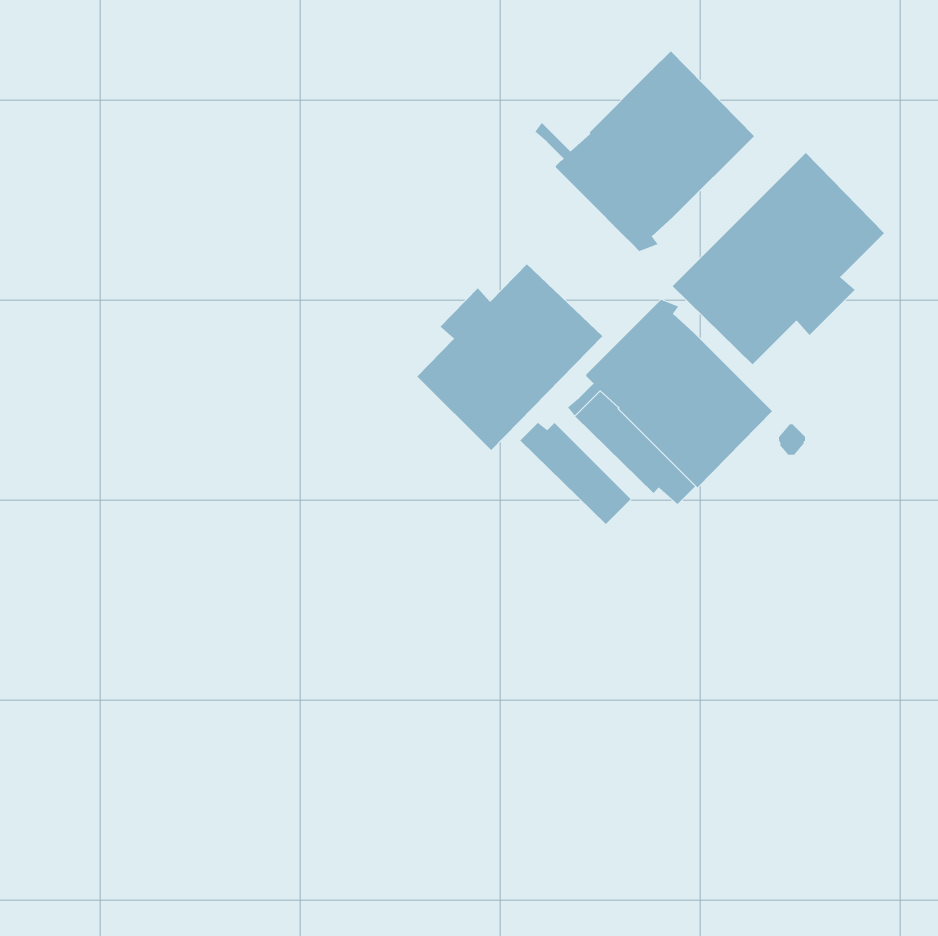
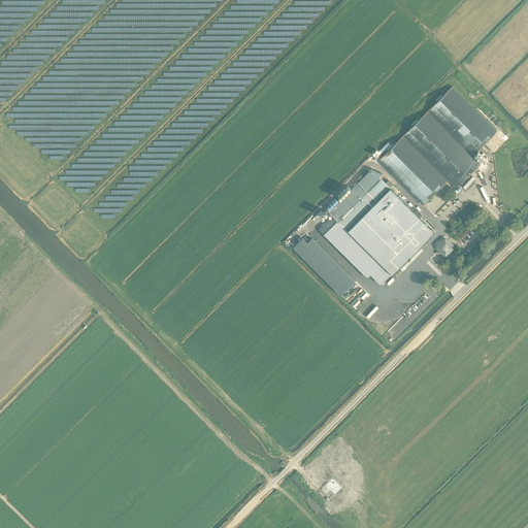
building: [534,50,755,252] -> none
building: [416,263,603,451] -> none

